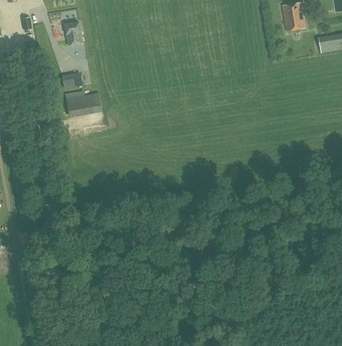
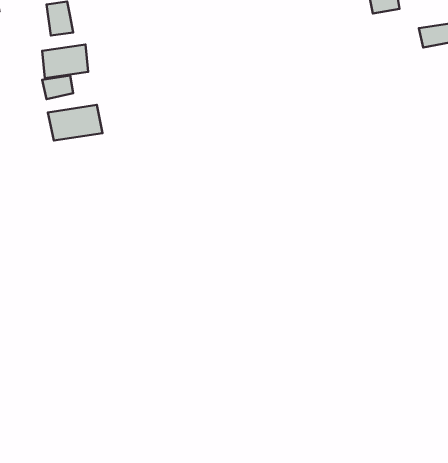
building: none -> [42,45,88,78]

